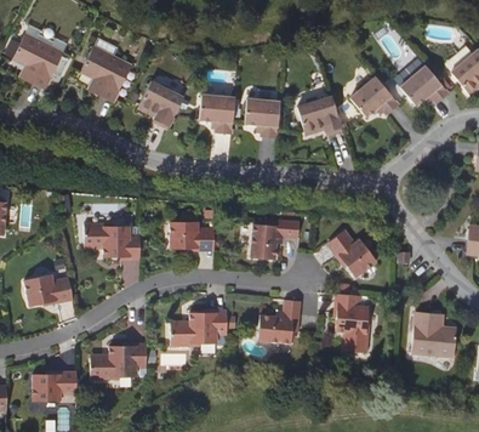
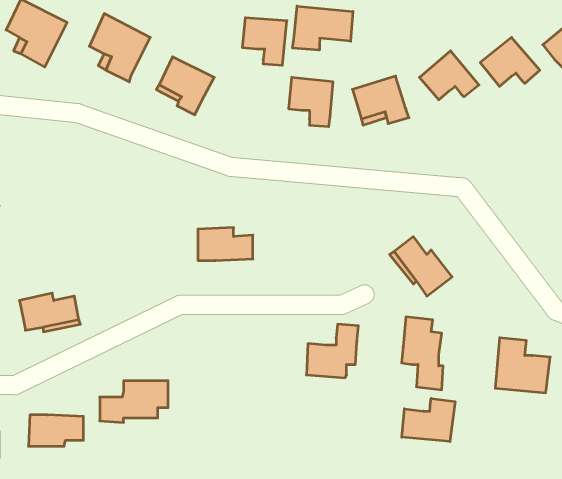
building: none -> [293,6,353,50]
building: [198,95,234,133] -> [242,18,287,65]
building: [250,216,300,256] -> none
building: [85,222,141,256] -> none
building: [170,312,227,347] -> none
building: none -> [402,398,455,442]

